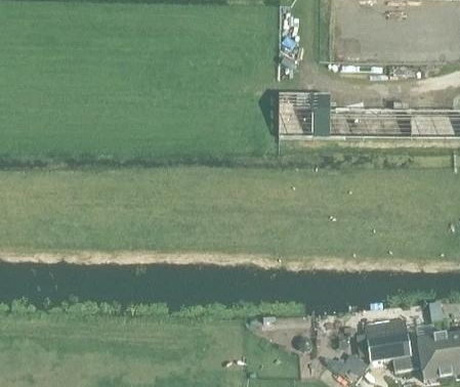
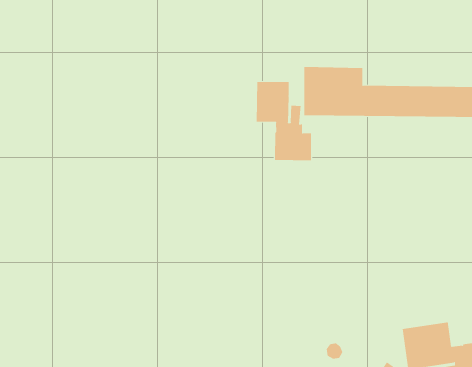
building: none -> [256,81,312,161]

